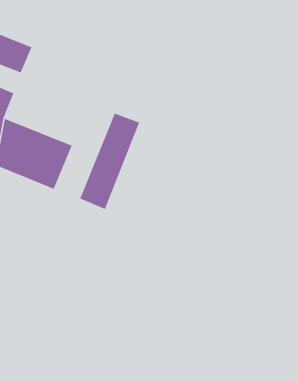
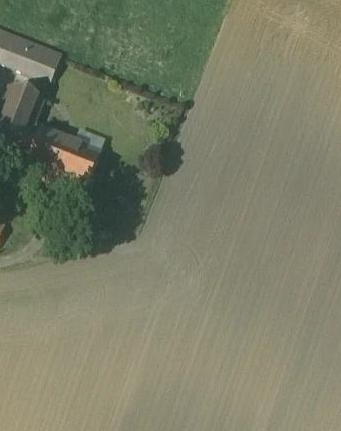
building: [80,113,140,210] -> none

